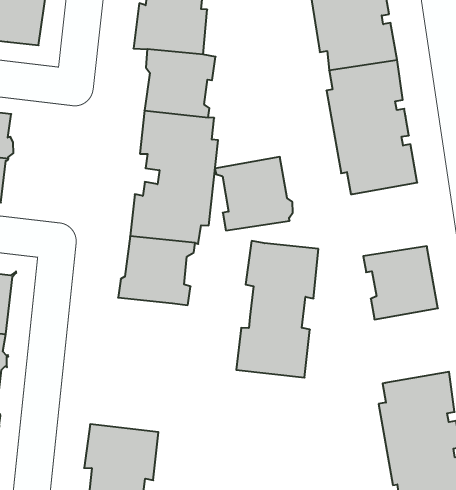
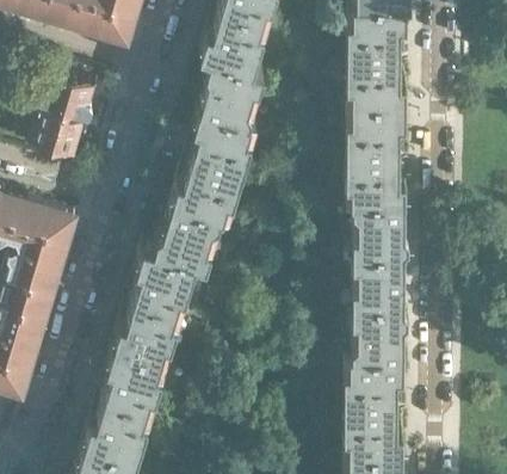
building: [215,157,293,230] -> [352,203,408,254]
building: [236,241,318,378] -> [115,248,196,363]
building: none -> [352,304,407,356]

